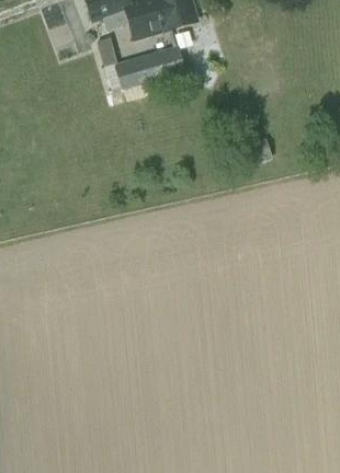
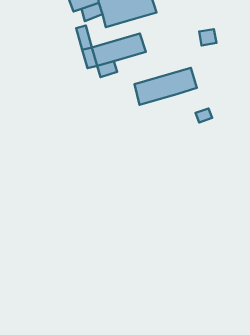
building: none -> [135,68,197,105]

